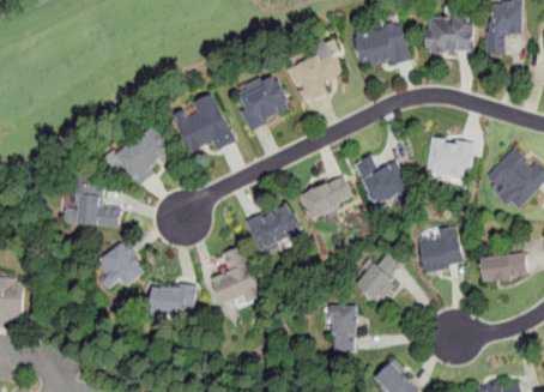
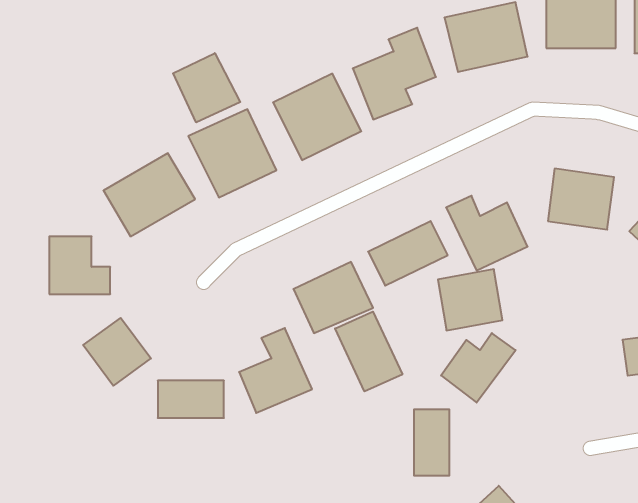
building: none -> [173,53,240,122]
building: [417,229,463,272] -> [438,269,502,330]
building: none -> [335,312,402,391]

